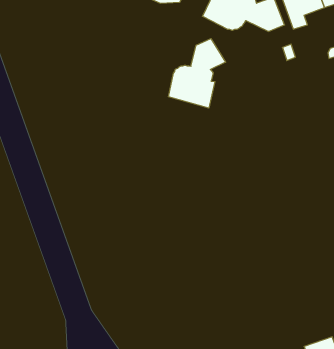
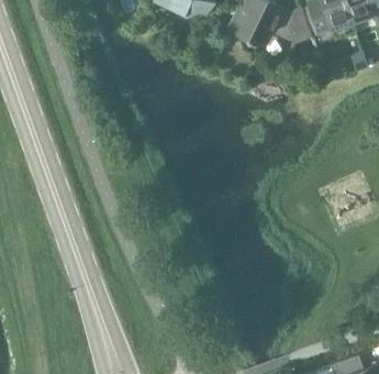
building: [168,39,226,108] -> none

